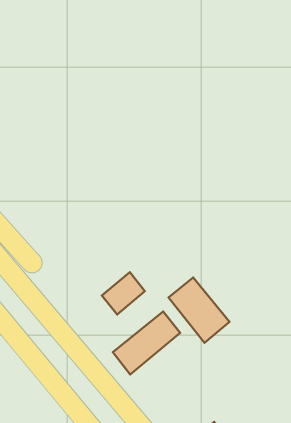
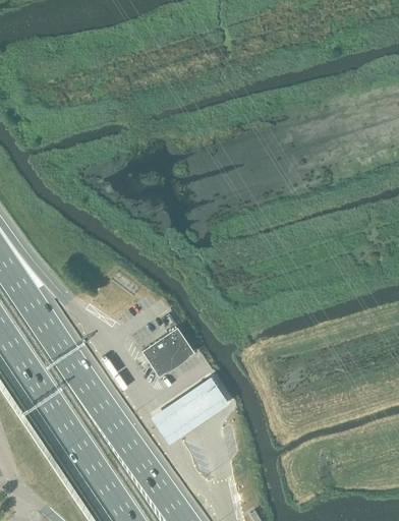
building: [169,277,229,343] -> none

